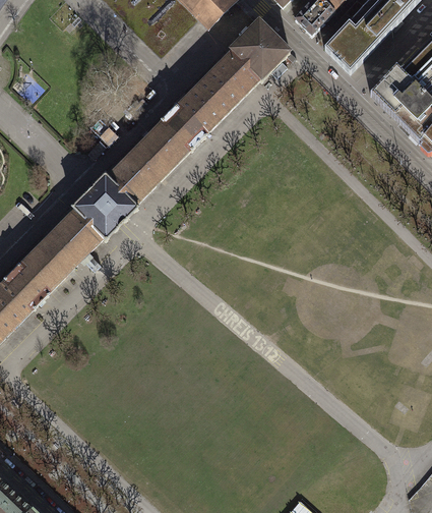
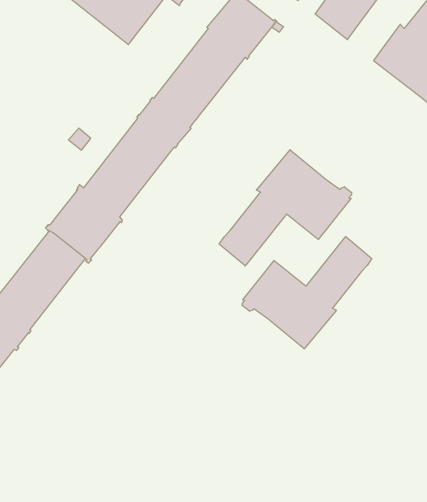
building: none -> [219,150,352,266]
building: none -> [242,237,372,349]

